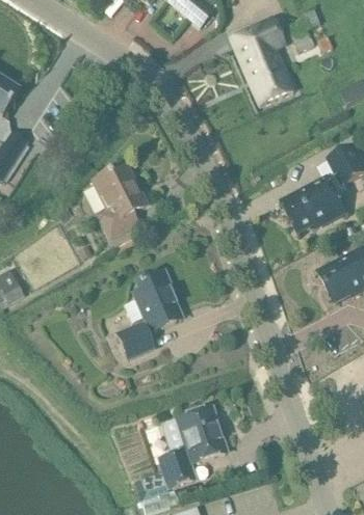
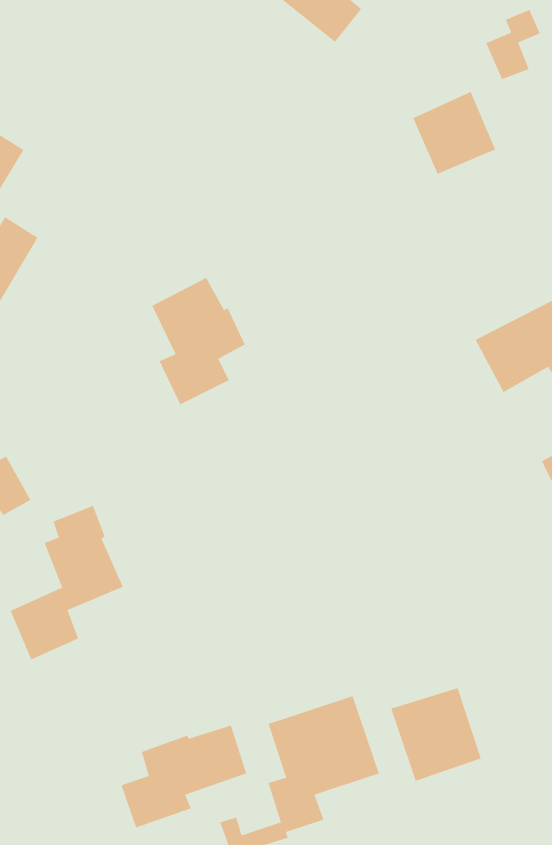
building: [230,19,283,71] -> none
building: [114,270,181,360] -> [9,505,124,660]
building: none -> [390,687,482,782]
building: none -> [121,725,247,829]

